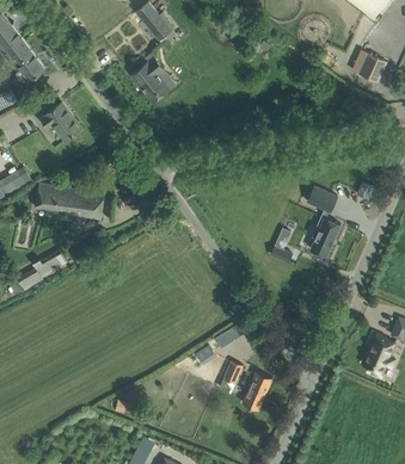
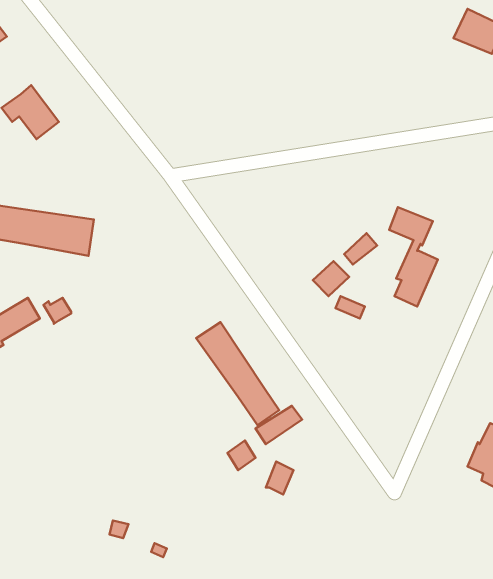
building: [130,57,168,101] -> none
building: none -> [196,322,279,425]
building: [241,371,271,410] -> none

